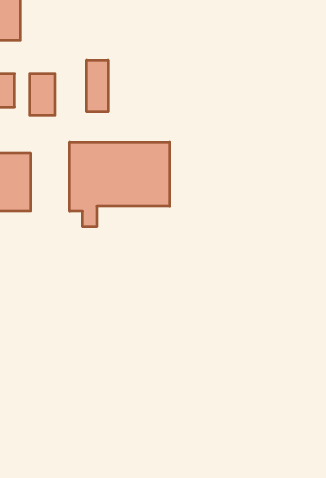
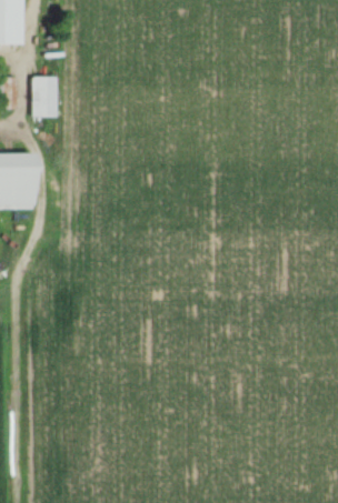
building: [87,60,108,112] -> none
building: [70,142,170,227] -> none

